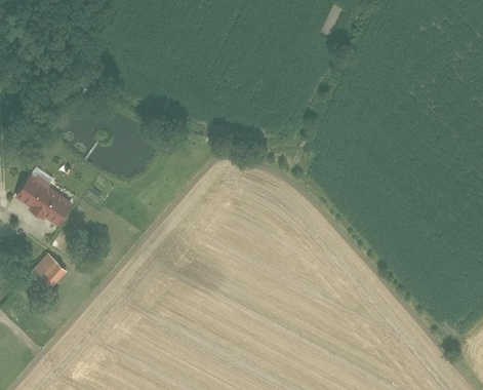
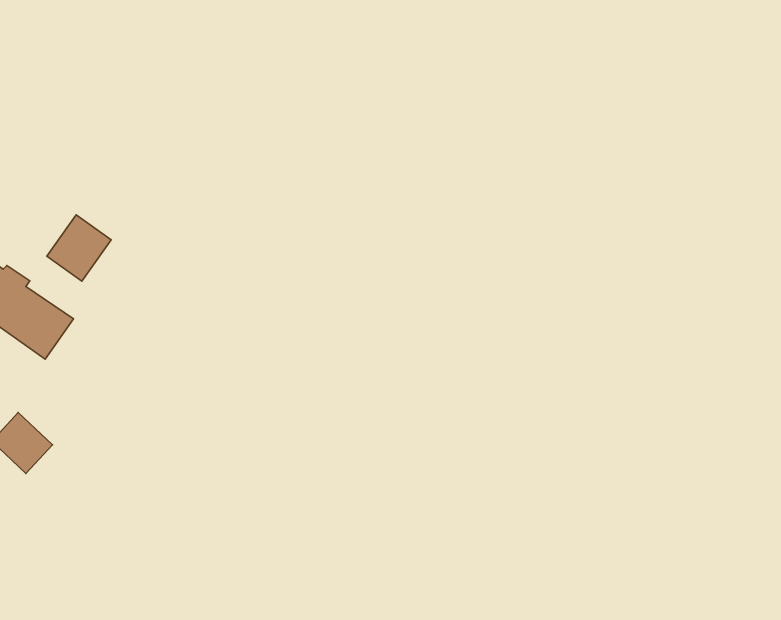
building: none -> [47,215,111,281]

